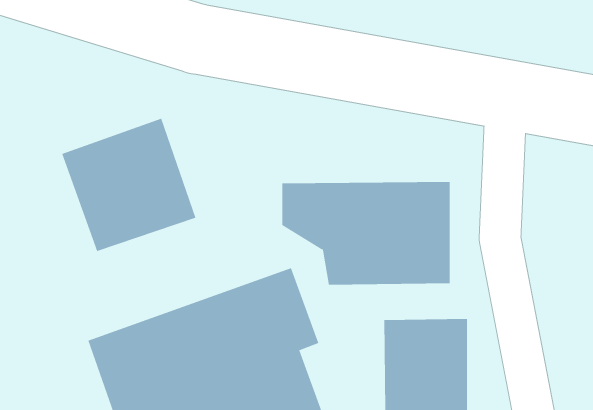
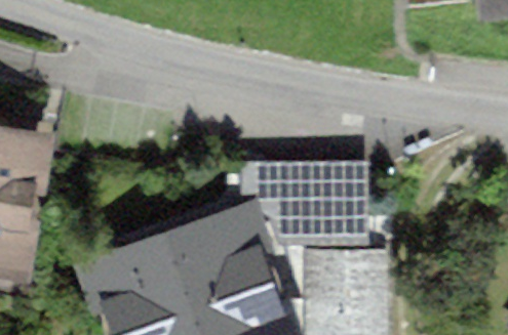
building: [62,118,196,252] -> none

